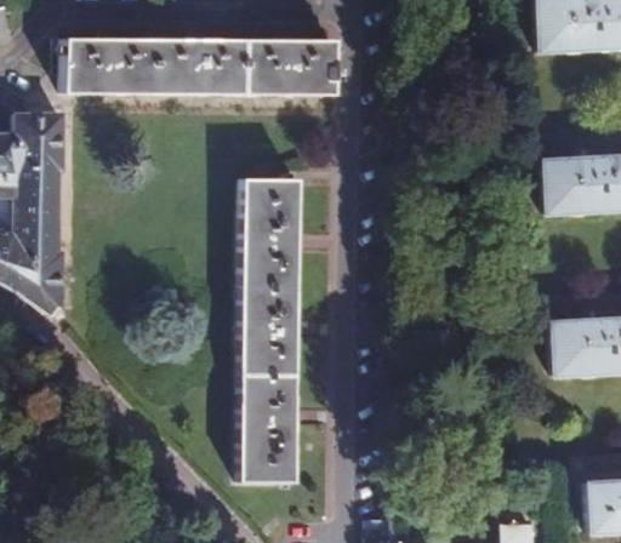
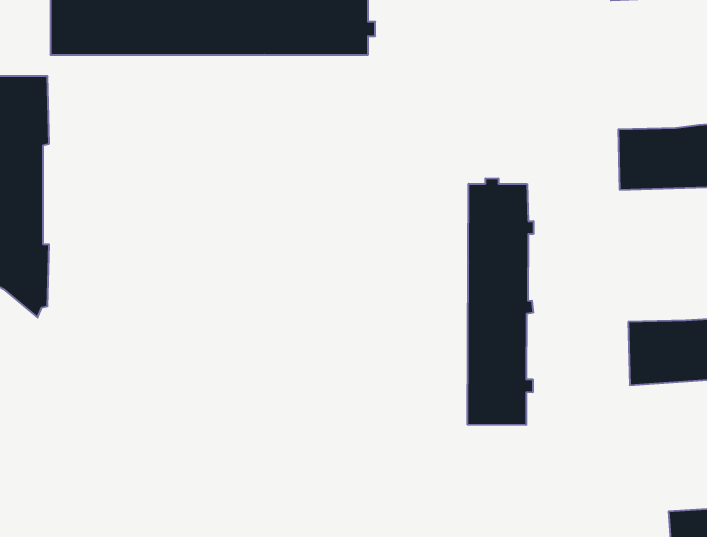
building: [241,178,302,482] -> none
building: none -> [468,178,533,425]

